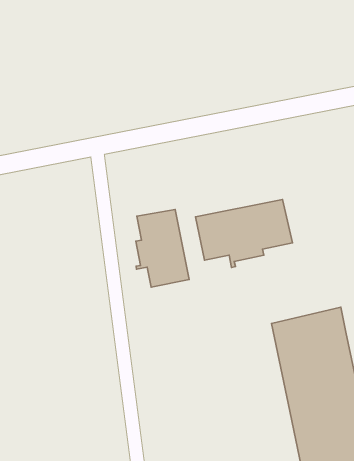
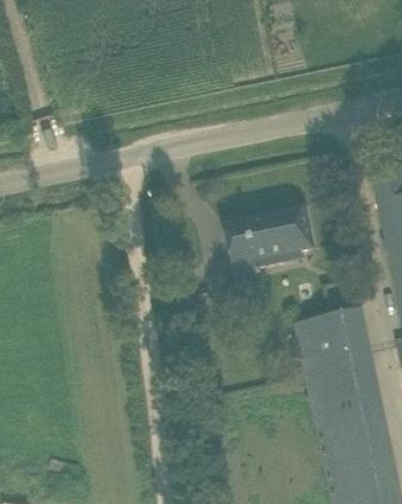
building: [136,209,189,287] -> none

